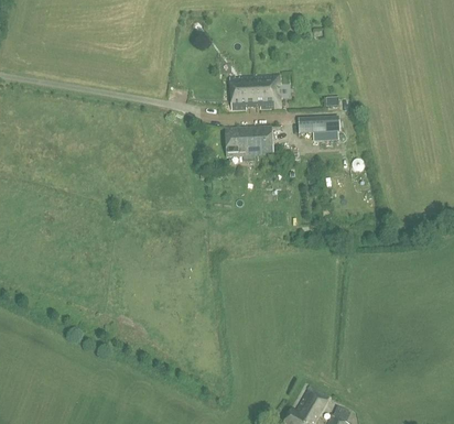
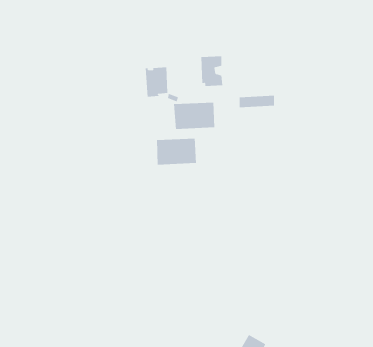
building: [230,75,257,109] -> [145,67,168,97]
building: none -> [157,138,197,166]

